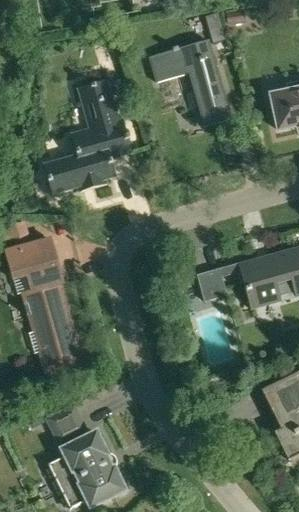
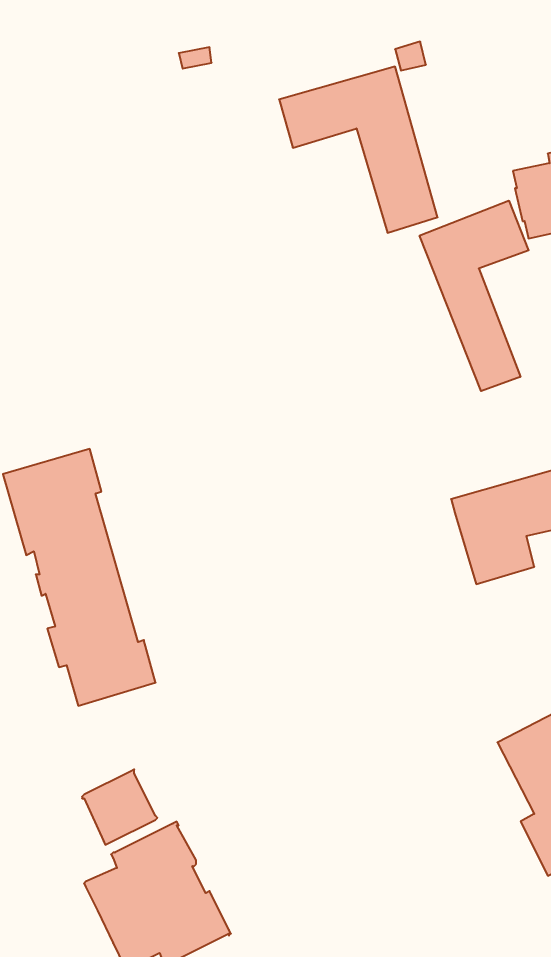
building: [44,79,133,195] -> none
building: none -> [420,201,529,391]
building: [197,269,227,300] -> none

